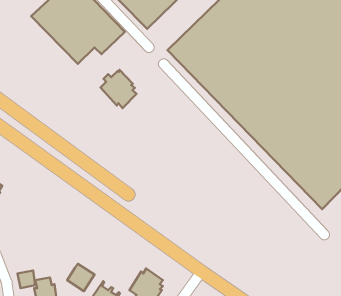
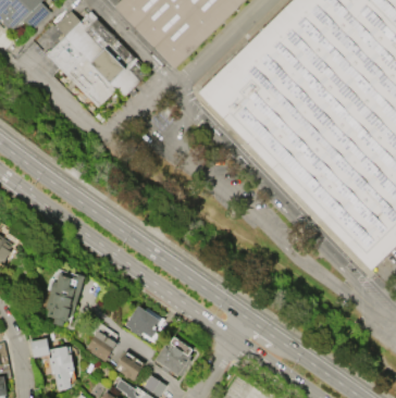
building: [100,70,136,108] -> none
building: none -> [46,272,85,326]
building: none -> [125,306,160,338]

